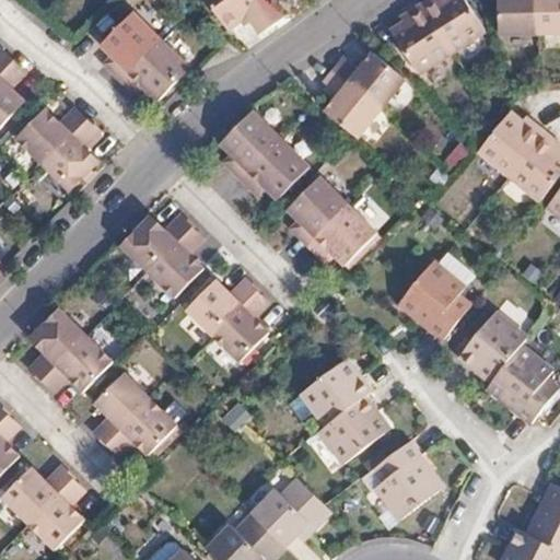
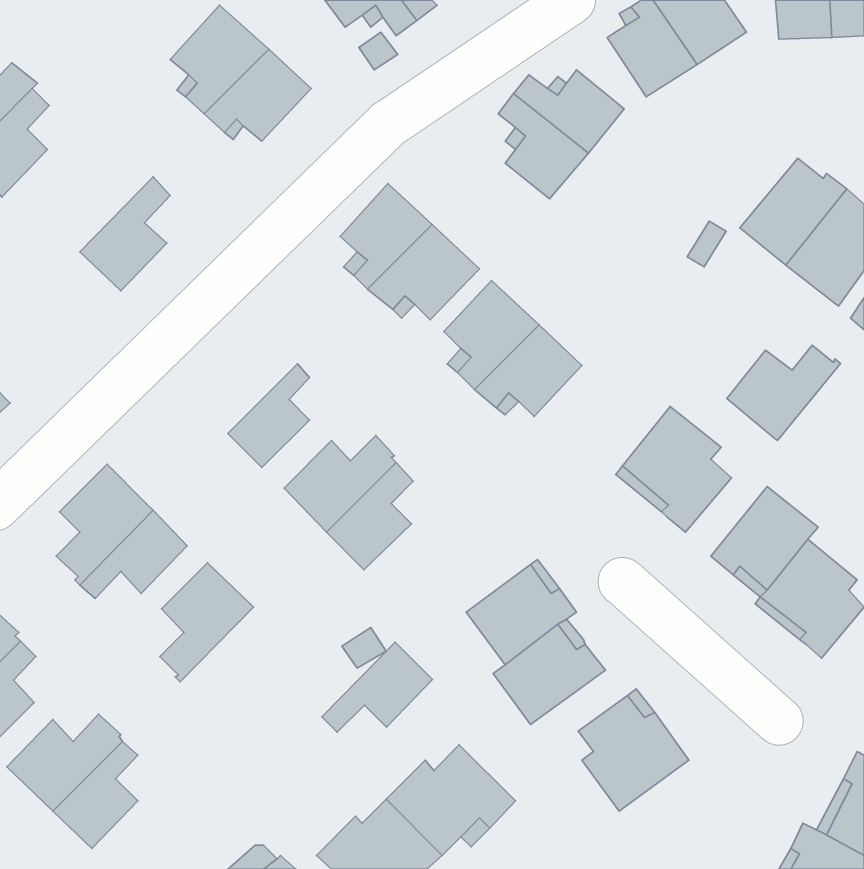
building: [24,101,98,162] -> none
building: [115,215,191,279] -> none
building: none -> [727,345,841,441]
building: [116,390,187,448] -> [322,642,432,732]

